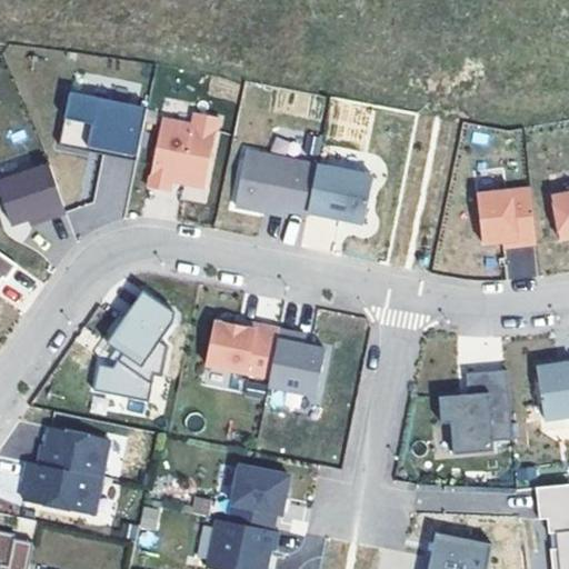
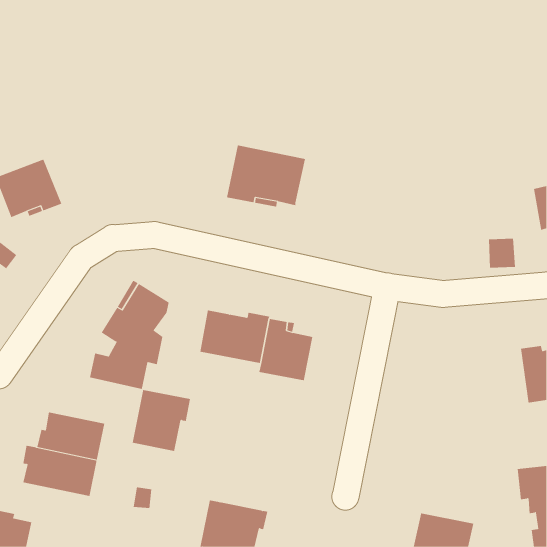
building: [59,92,147,160] -> none
building: [148,121,217,191] -> none
building: [307,164,375,221] -> none
building: [477,187,536,244] -> none
building: [439,369,512,453] -> none
building: [228,465,289,529] -> [132,389,191,452]

